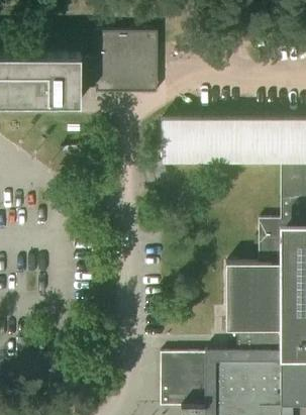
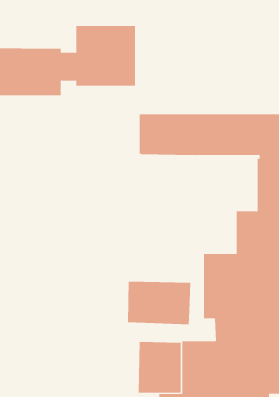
building: none -> [128,281,191,325]

